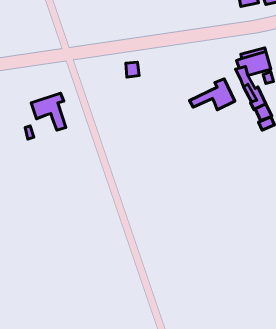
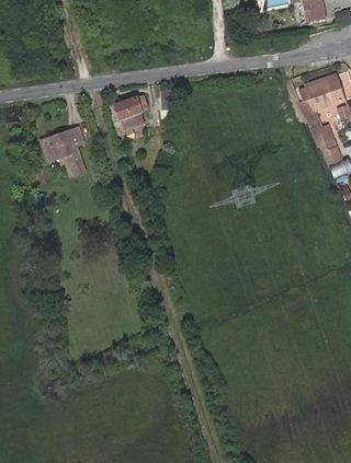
building: none -> [117,99,148,128]
building: [190,79,235,110] -> none

